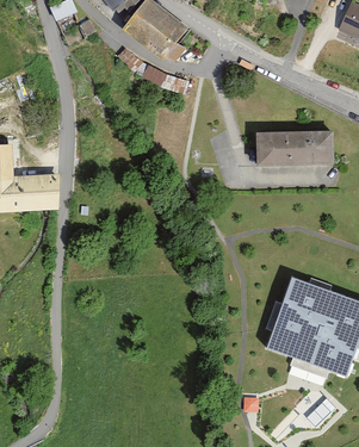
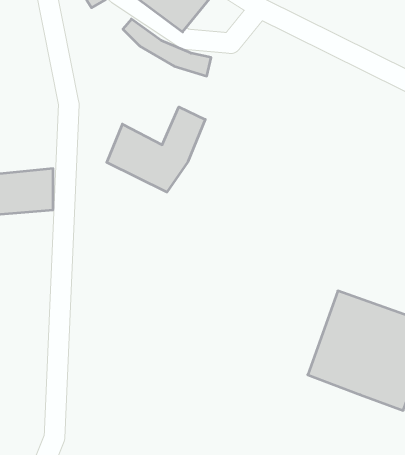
building: none -> [107,107,205,192]
building: [258,130,335,166] -> none

